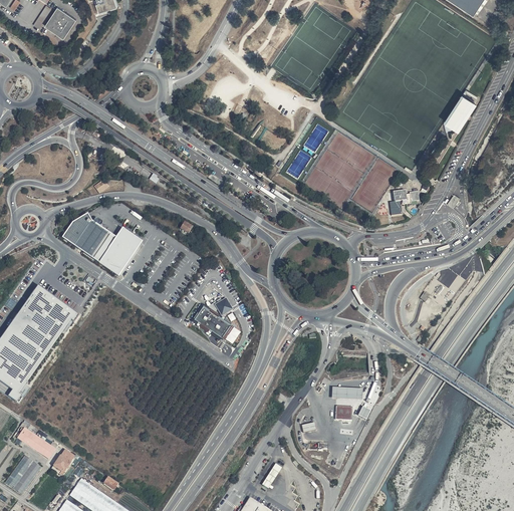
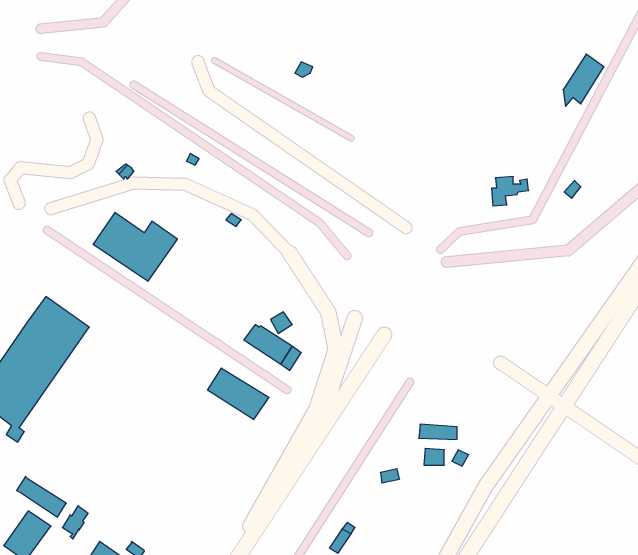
building: [62,211,92,244] -> none
building: none -> [208,368,269,420]

